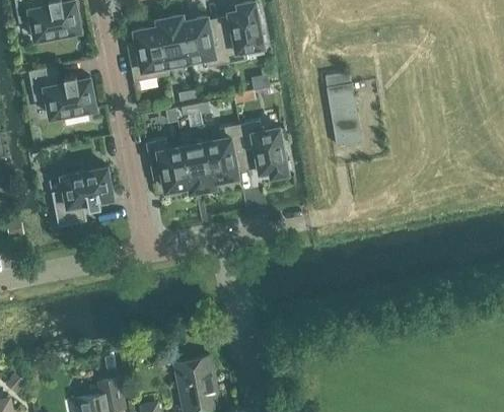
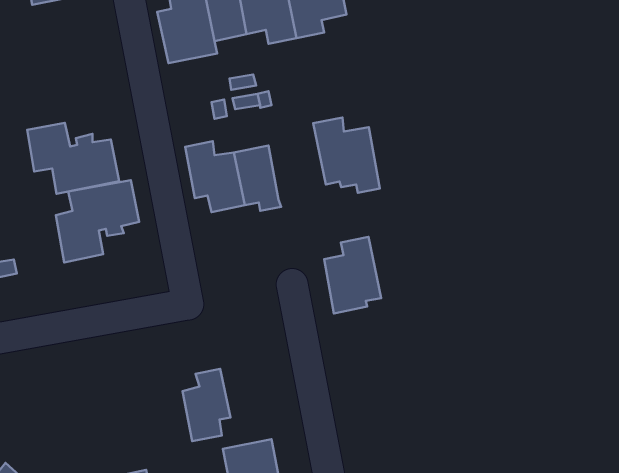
building: [29,66,96,118] -> [27,123,119,194]
building: [326,74,362,147] -> none
building: [208,126,249,182] -> [324,237,381,314]
building: none -> [183,369,231,441]

